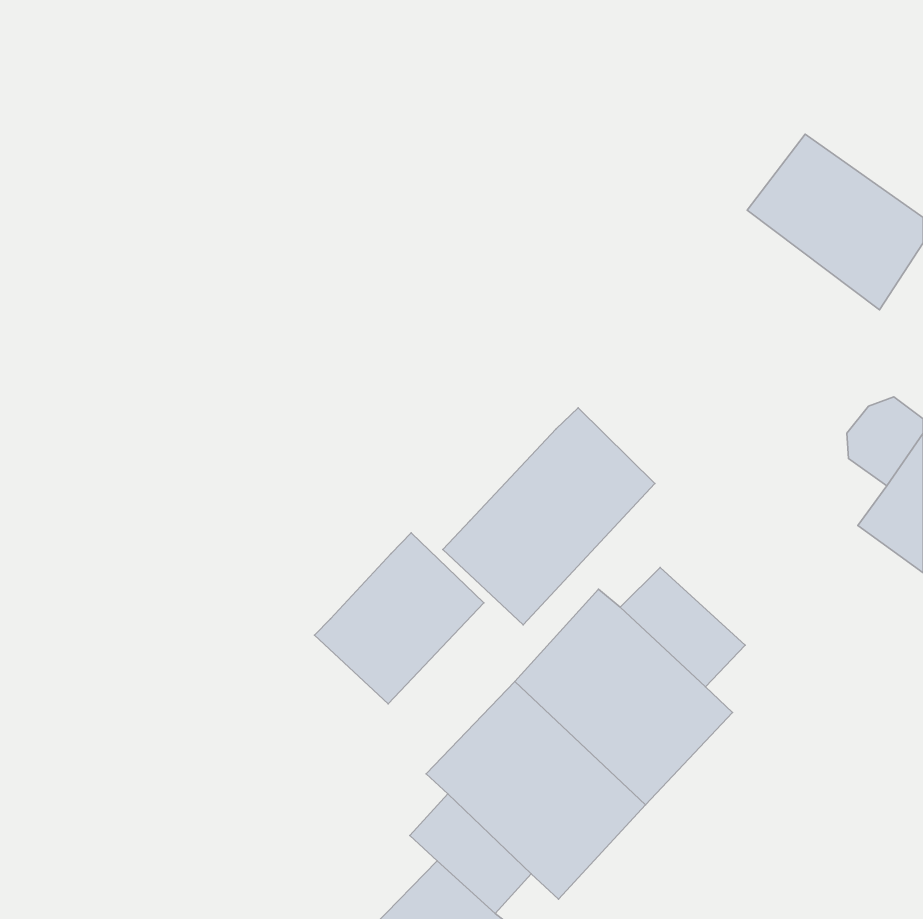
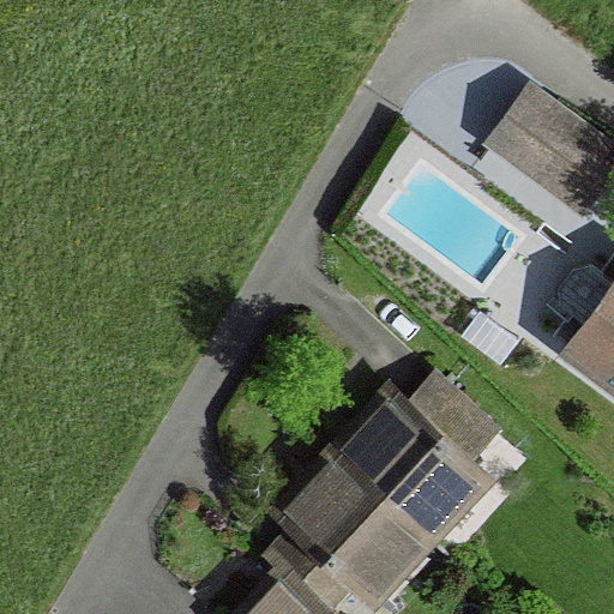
building: [443,408,655,625] -> none
building: [314,533,484,704] -> none

